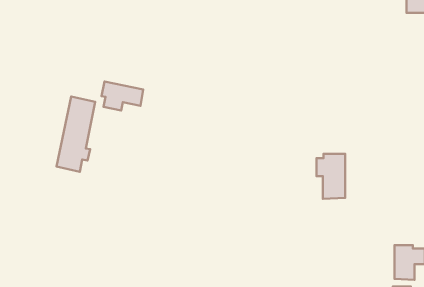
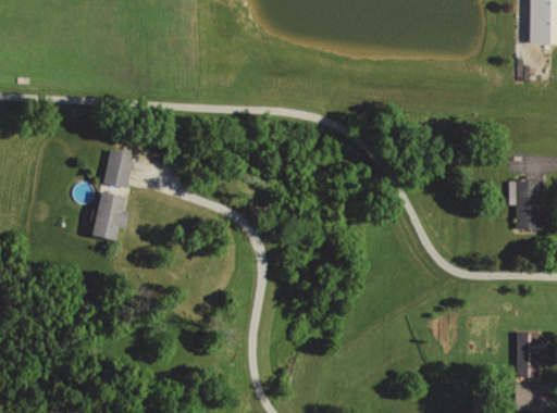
building: [102,81,143,110] -> none
building: [317,154,345,199] -> [508,179,544,236]

